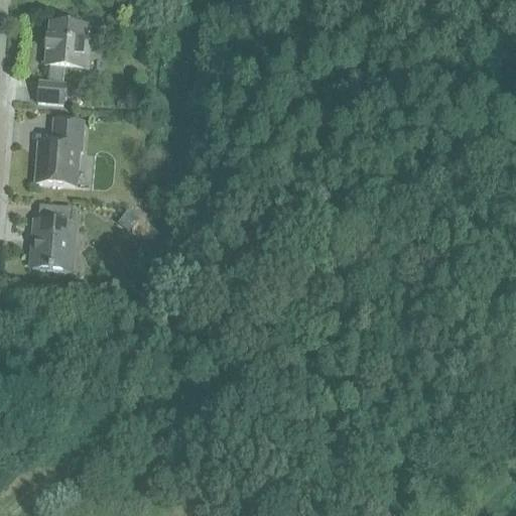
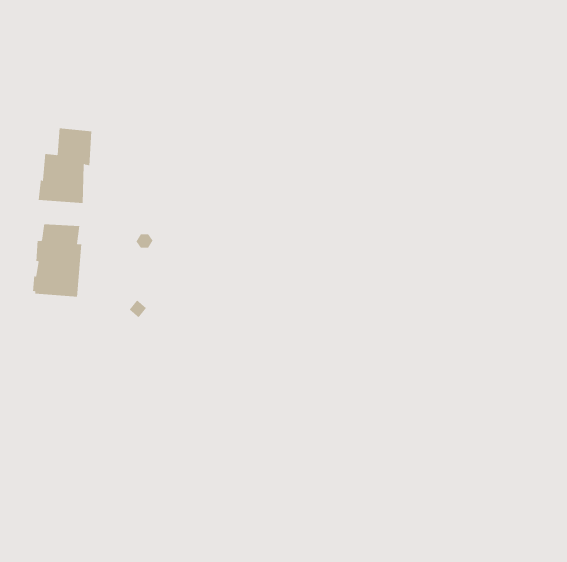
building: [37,20,91,102] -> none

